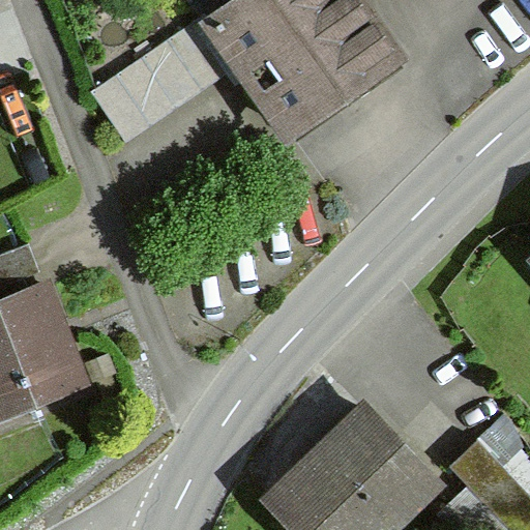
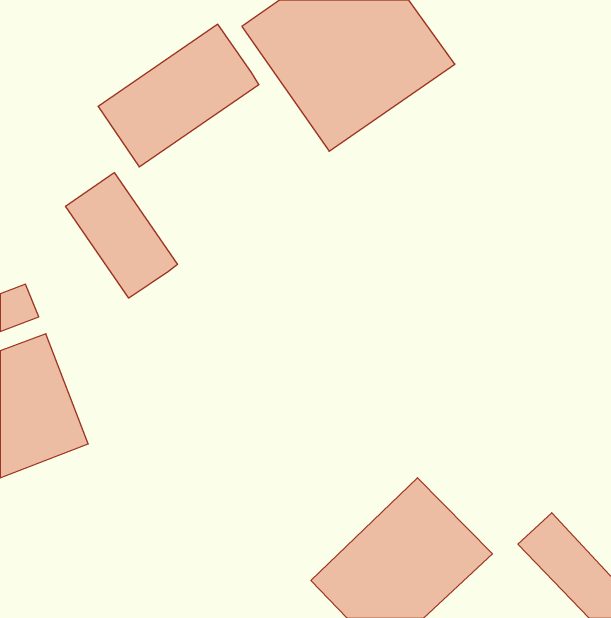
building: none -> [66,173,177,298]

